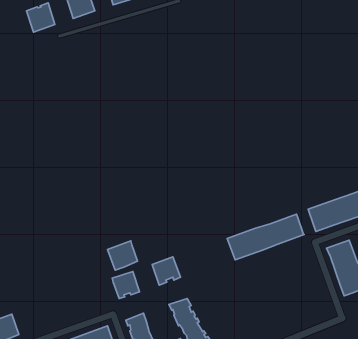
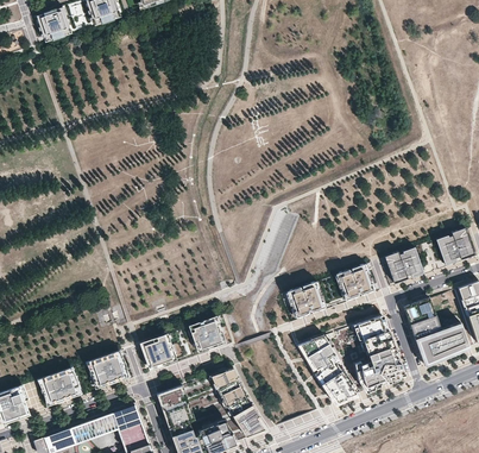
building: [107,241,138,270] -> [89,352,126,388]
building: none -> [354,317,403,390]
building: none -> [300,336,357,403]
building: none -> [40,370,78,404]

